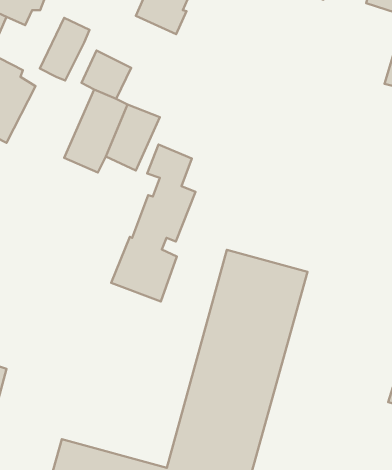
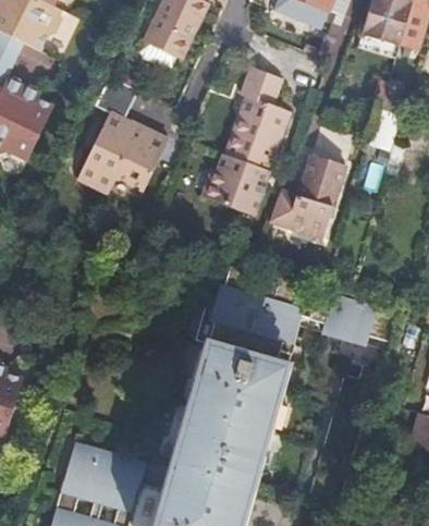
building: [40,18,90,81] -> none
building: none -> [270,158,345,241]
building: [111,145,195,301] -> [206,69,285,217]

